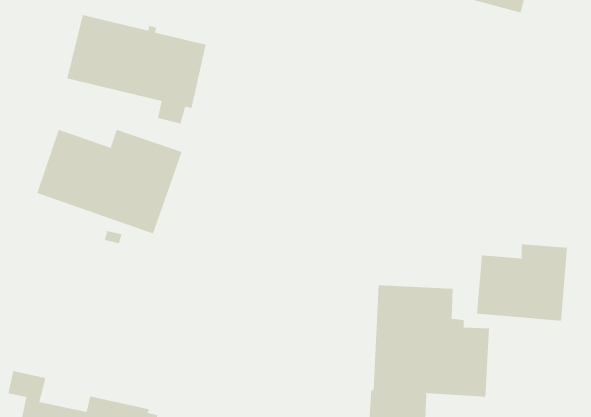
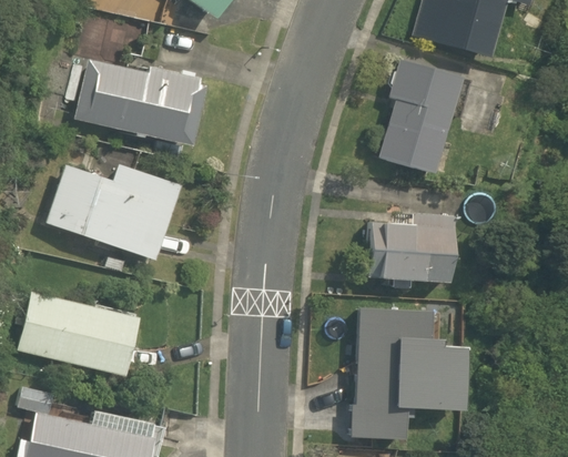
building: none -> [379,60,464,173]
building: [476,244,568,321] -> [369,212,454,283]
building: none -> [19,292,139,377]

